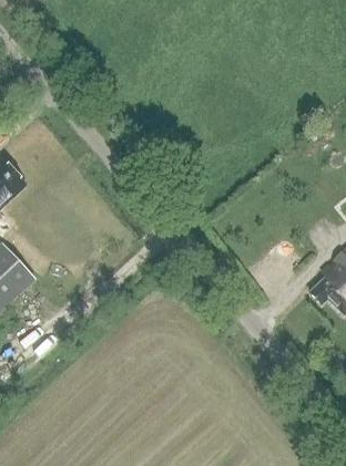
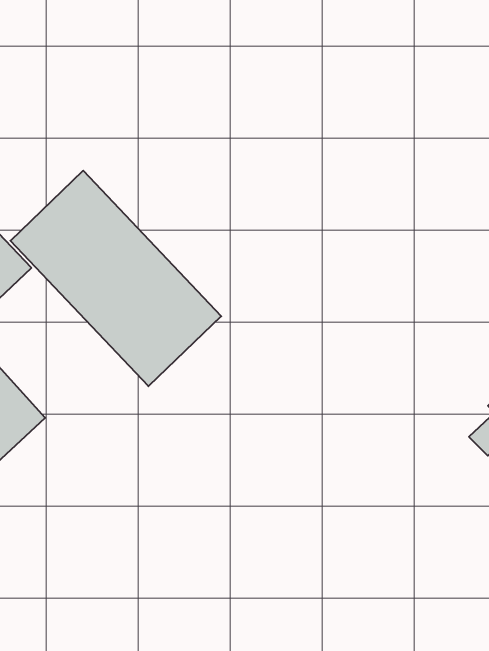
building: none -> [10,171,221,386]

